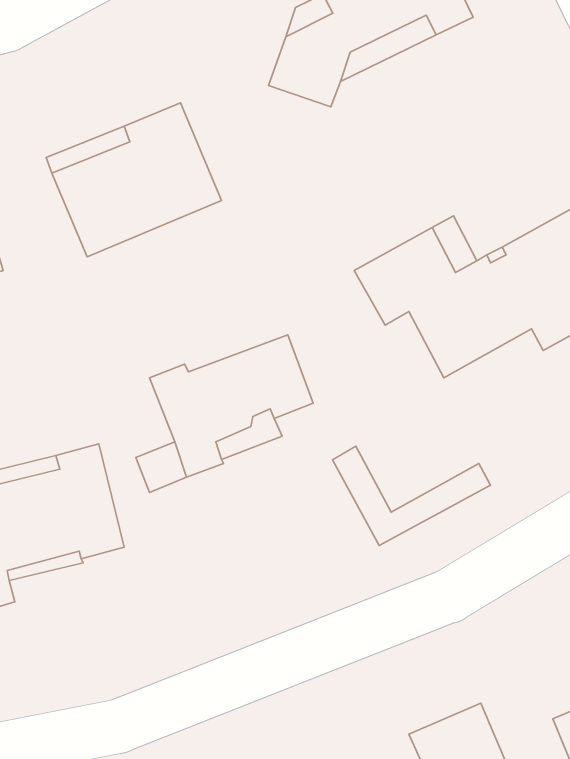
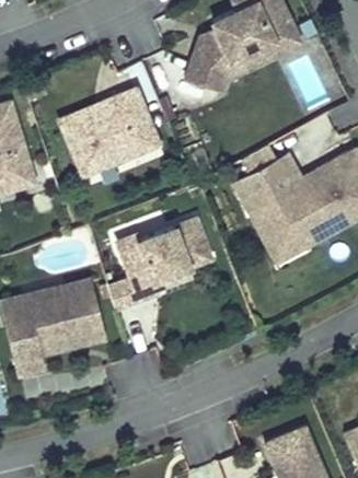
building: [333,446,490,545] -> [250,205,338,260]

